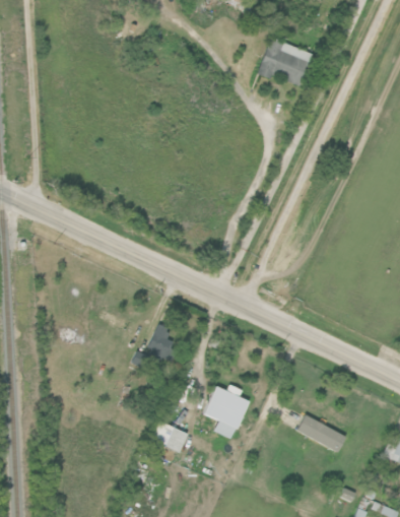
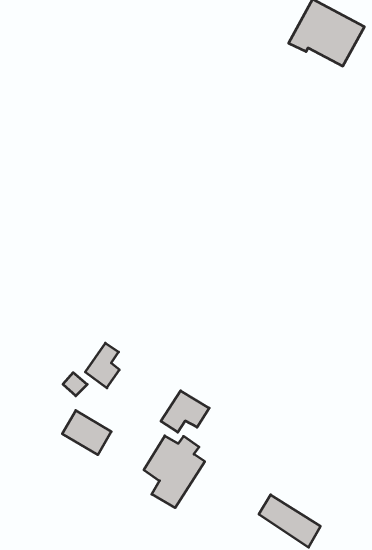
building: none -> [161,391,209,432]
building: [150,422,187,452] -> [62,410,111,455]

